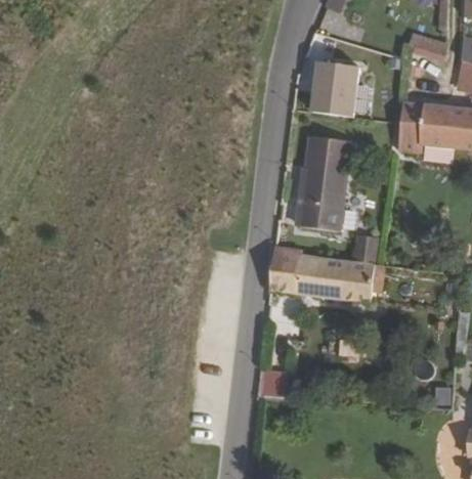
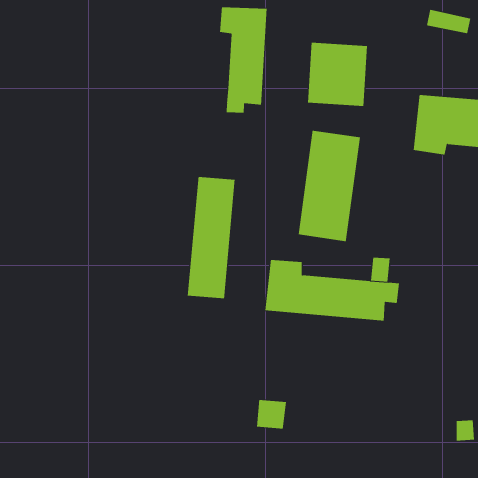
building: none -> [220,7,267,114]
building: none -> [187,176,235,299]

